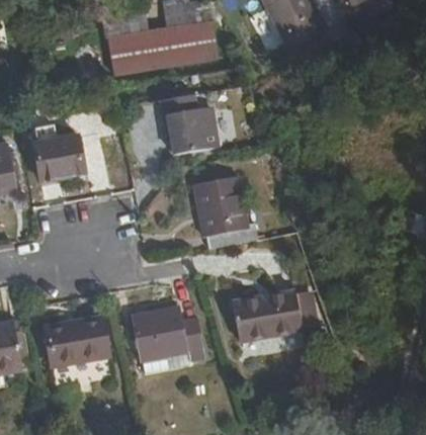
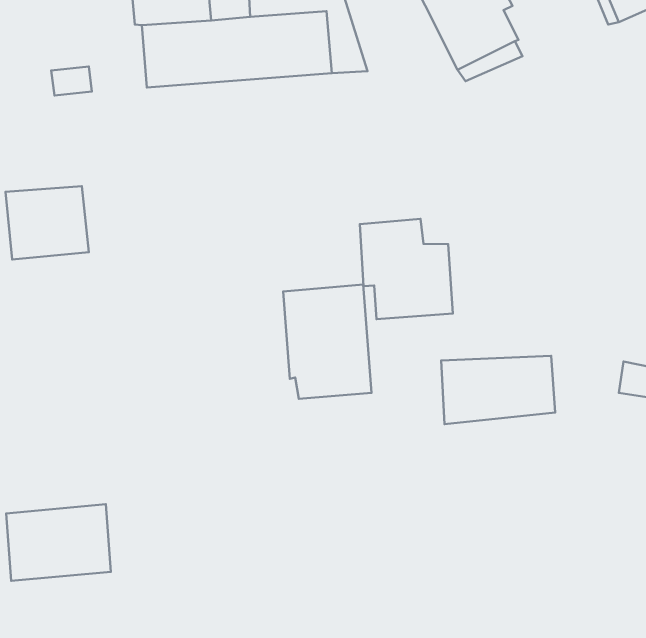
building: [162,98,220,158] -> [360,219,453,319]
building: [235,294,303,339] -> [441,356,555,424]
building: [132,303,205,357] -> none

